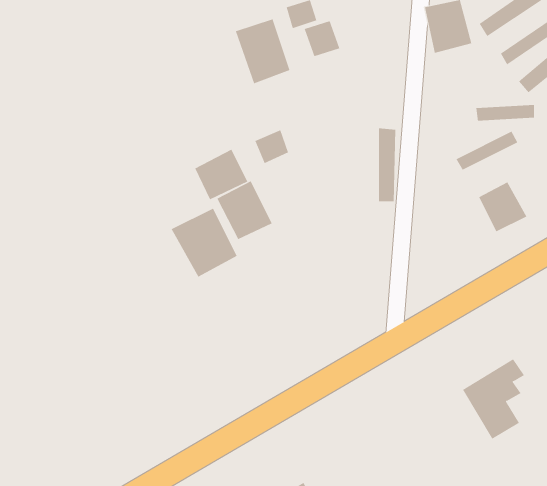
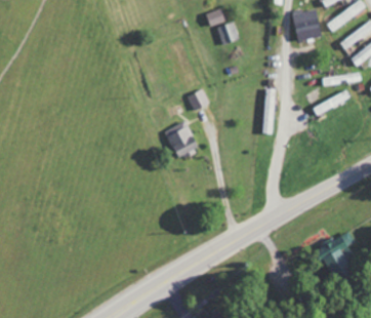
building: [235,19,290,84] -> none
building: [195,149,248,200] -> none
building: [478,181,527,232] -> none
building: [171,208,238,278] -> none

